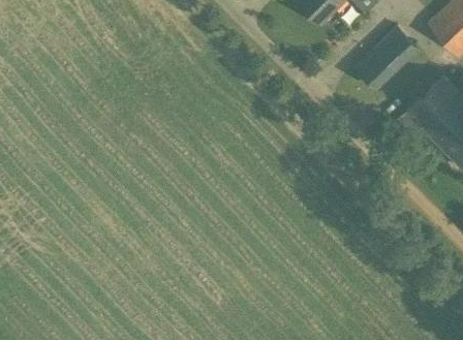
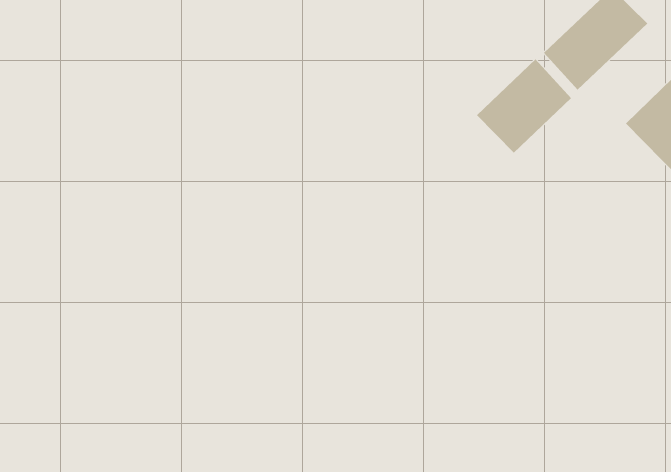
building: none -> [476,58,572,153]

